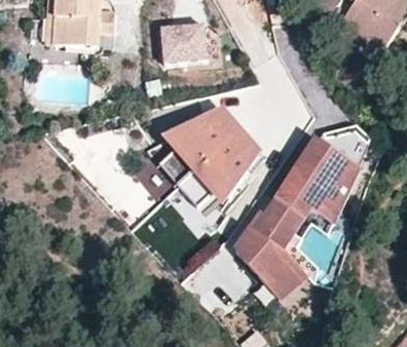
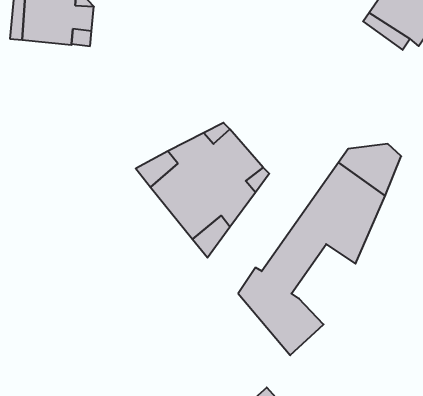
building: [163,23,210,61] -> none

